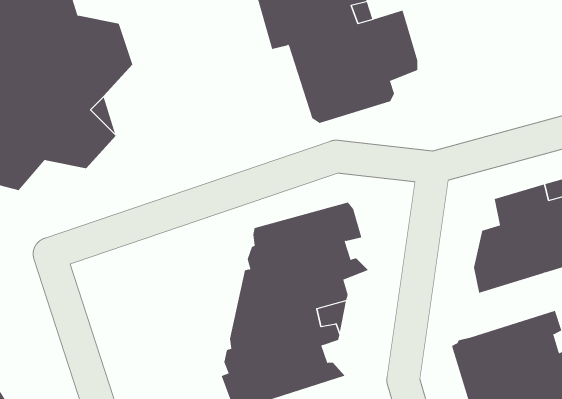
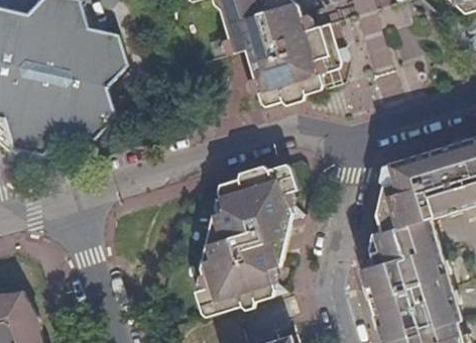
building: none -> [372,217,440,264]

